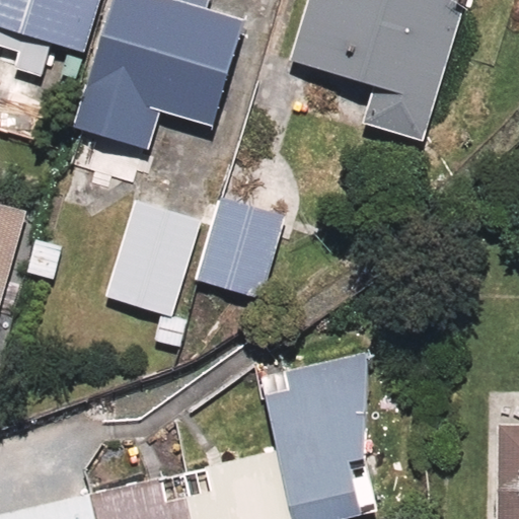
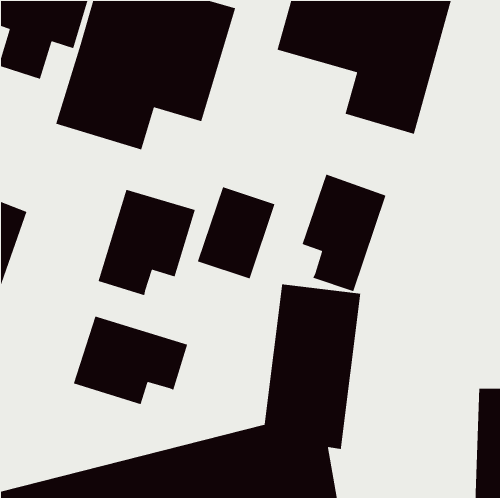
building: none -> [301,174,387,292]
building: none -> [73,315,188,405]

